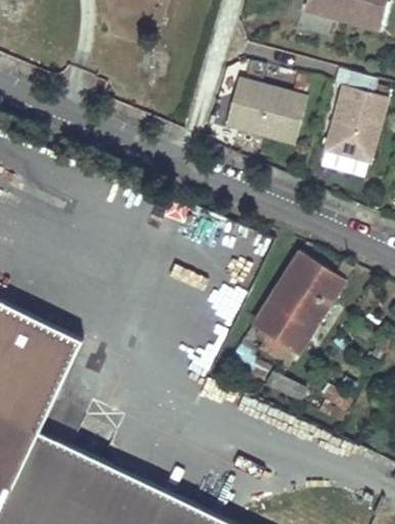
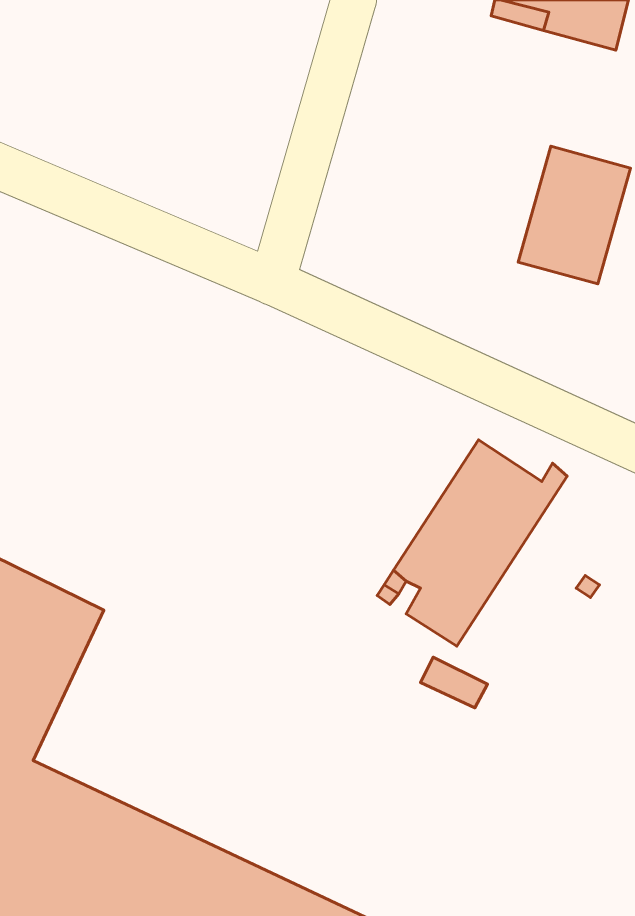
building: [224,78,305,143] -> none

